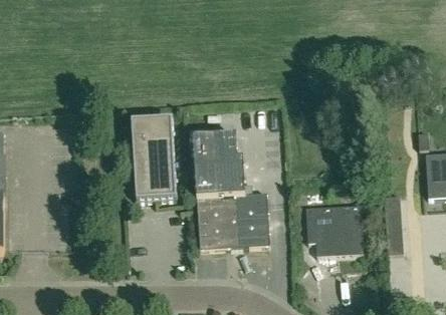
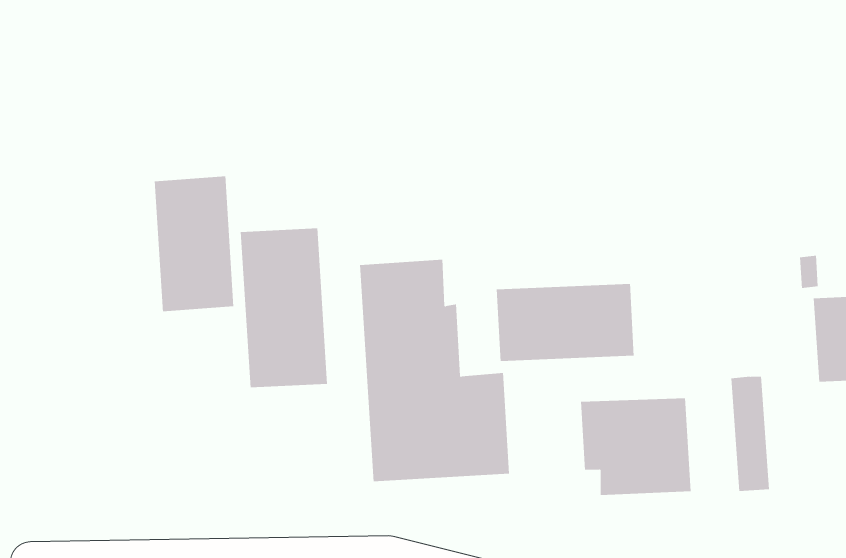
building: none -> [154,176,234,312]
building: none -> [496,283,634,362]

